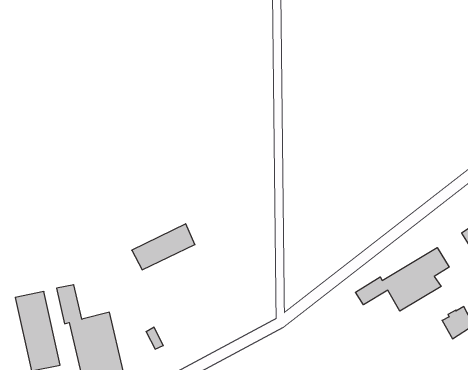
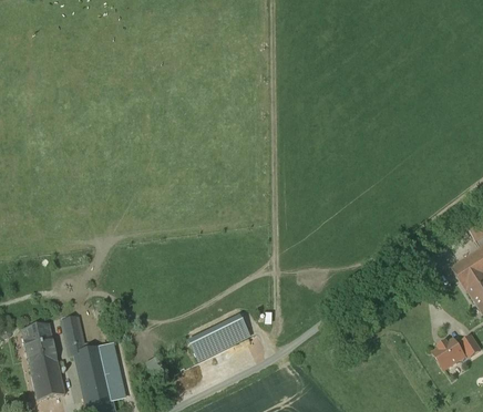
building: [132,224,195,270] -> [188,316,249,360]
building: [355,248,449,311] -> none

